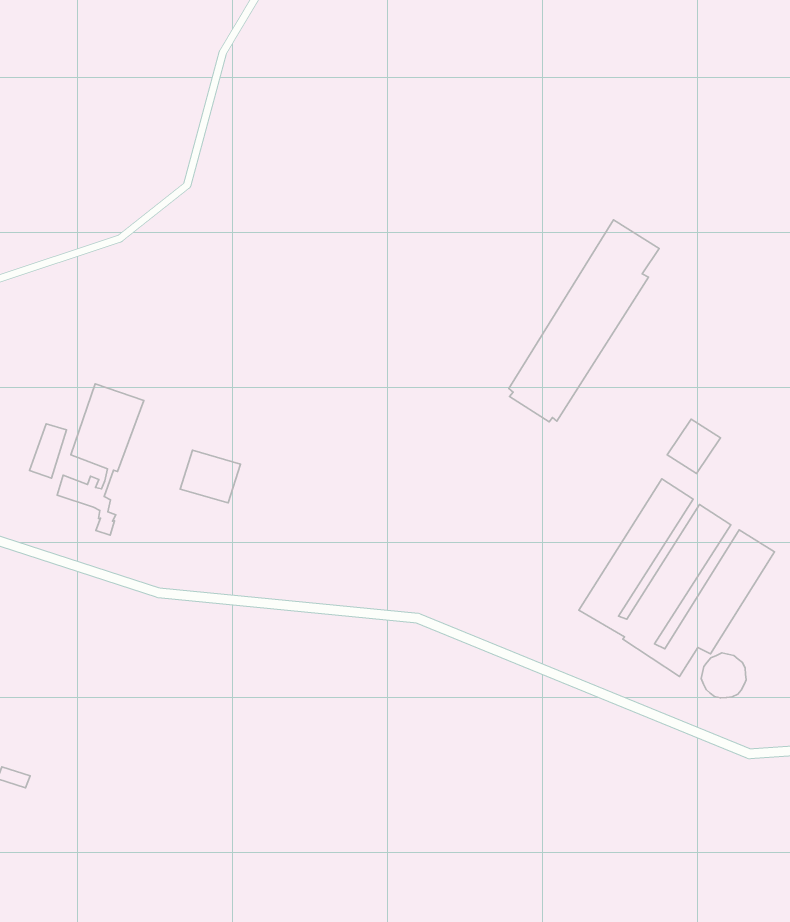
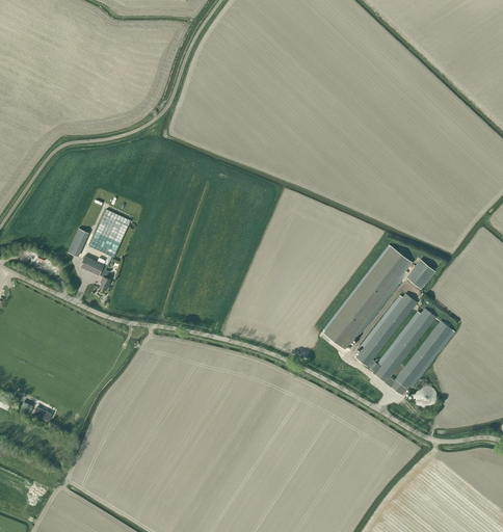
building: [509,220,659,422] -> [324,244,412,348]
building: [180,450,241,503] -> none

